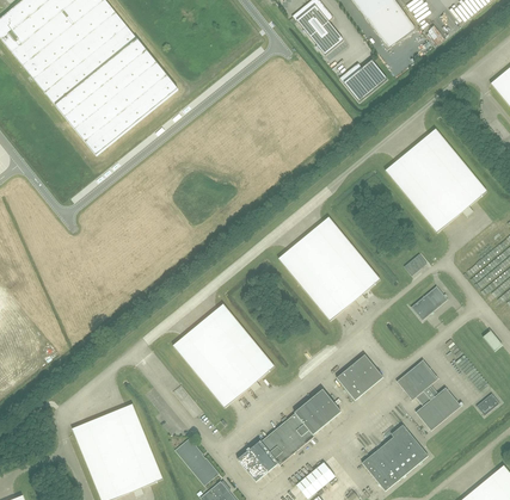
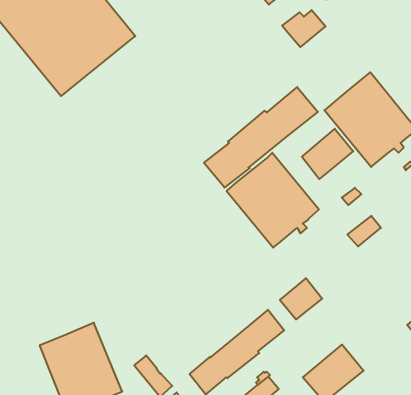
building: none -> [204,87,318,188]
building: none -> [302,129,353,179]
building: [173,303,275,407] -> none
building: [397,358,461,430] -> none

